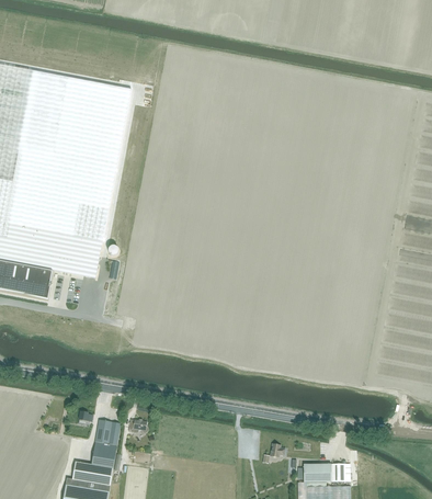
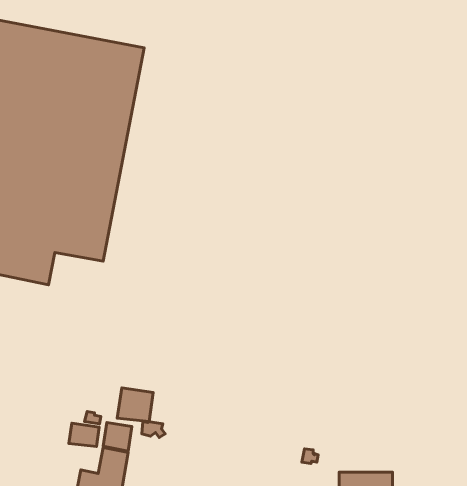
building: none -> [117,388,153,421]
building: none -> [69,423,99,446]

